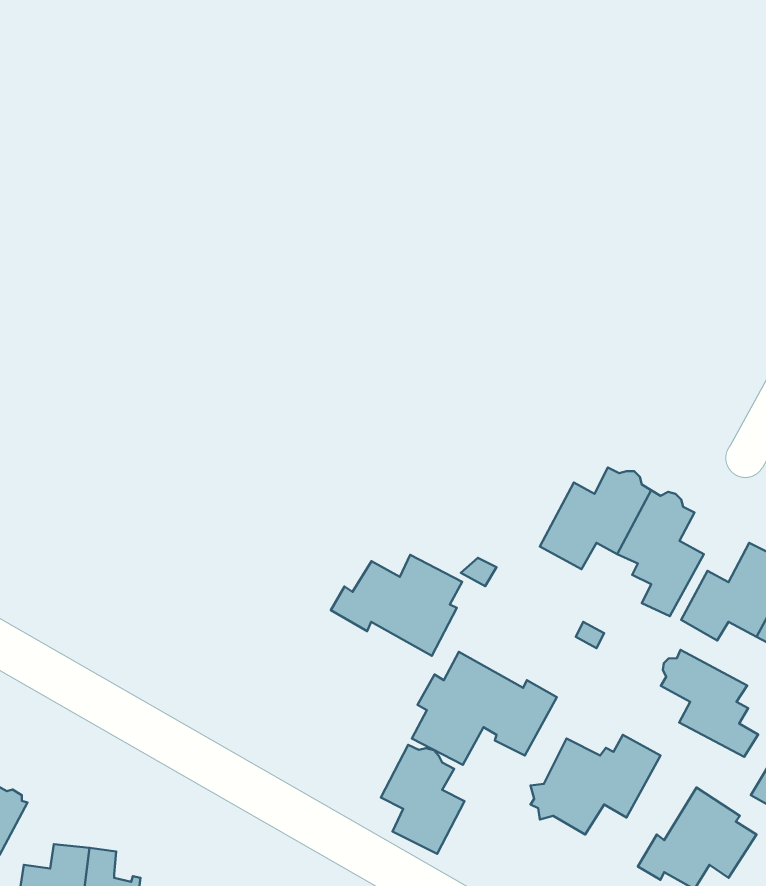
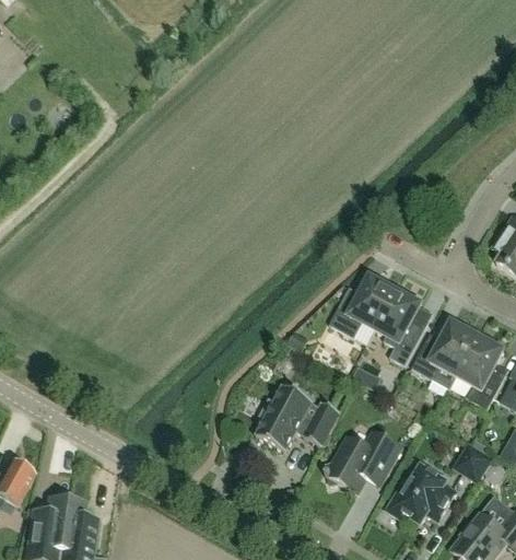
building: [331,555,462,656] -> none
building: [661,650,758,757] -> none
building: [381,745,465,854] -> none

